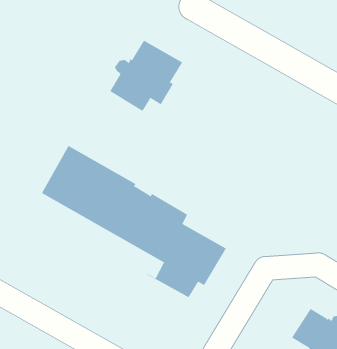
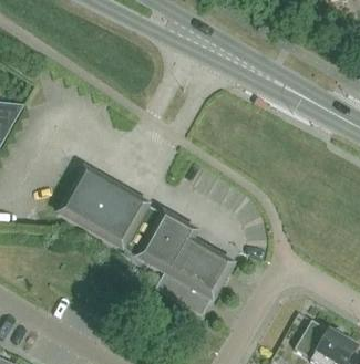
building: [109,40,183,112] -> none

